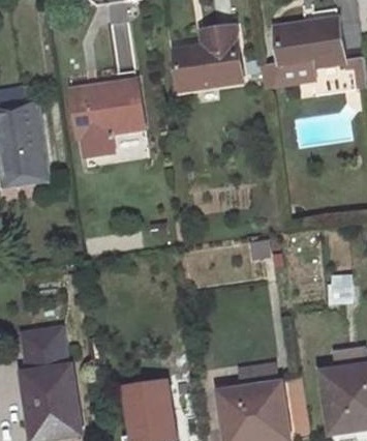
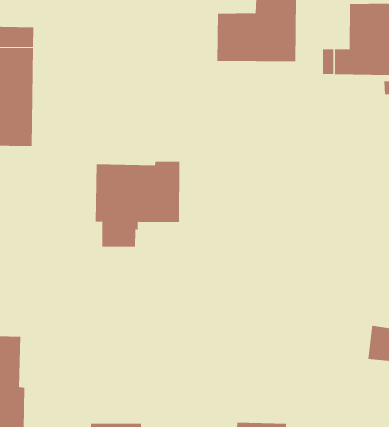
building: [71,78,144,154] -> [95,161,180,247]

